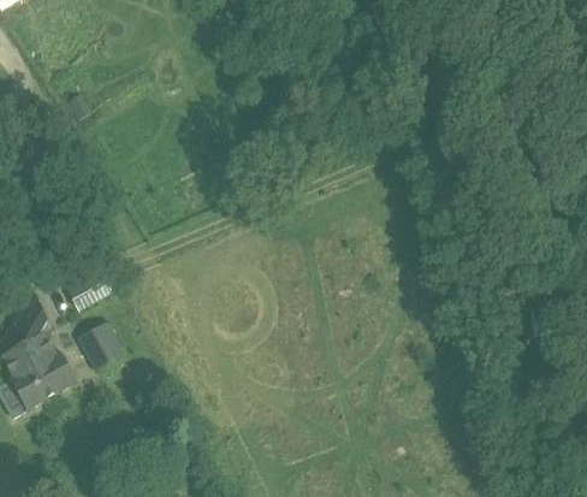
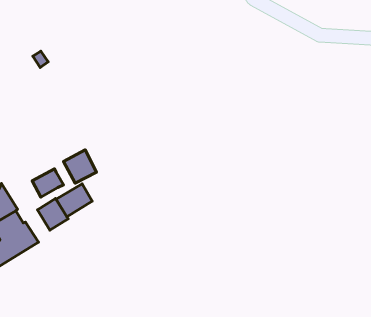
building: none -> [64,150,96,183]
building: none -> [56,184,92,217]

